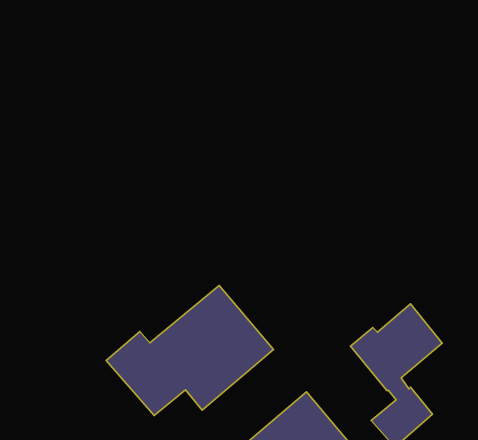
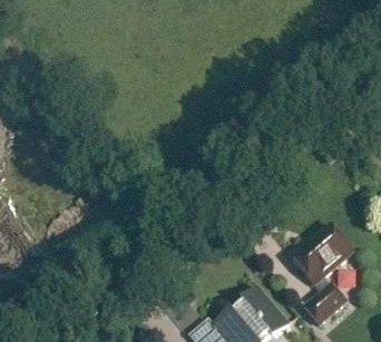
building: [106,286,273,415] -> none

